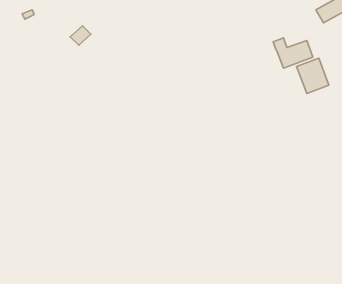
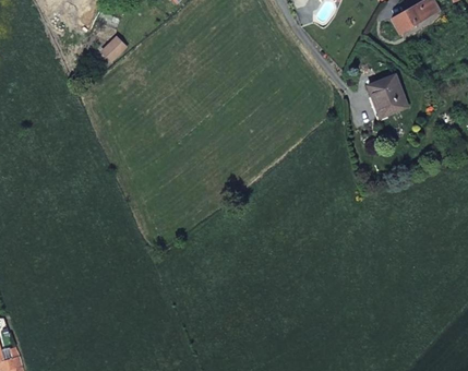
building: [273,38,313,68] -> none

